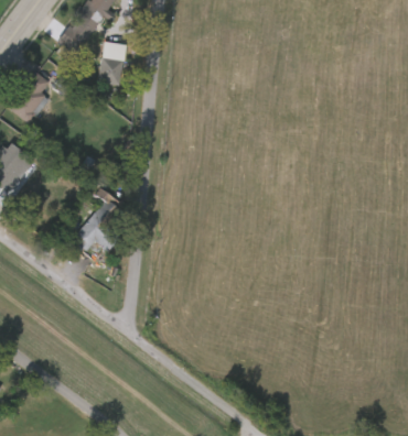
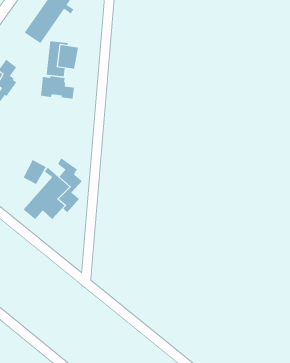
building: none -> [40,75,75,99]
building: none -> [23,159,46,185]

